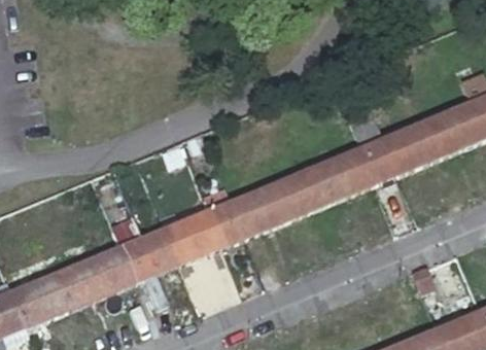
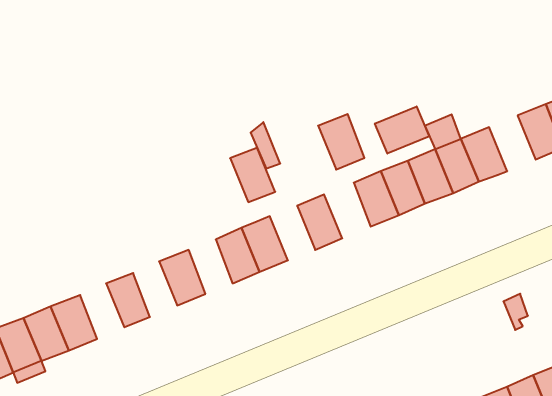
building: none -> [375,106,429,154]
building: [401,121,438,166] -> none
building: [269,175,306,219] -> [318,114,364,170]
building: [225,194,262,237] -> [230,148,275,202]
building: [161,220,196,264] -> none
building: [116,238,151,282] -> none
building: [74,255,109,300] -> none

